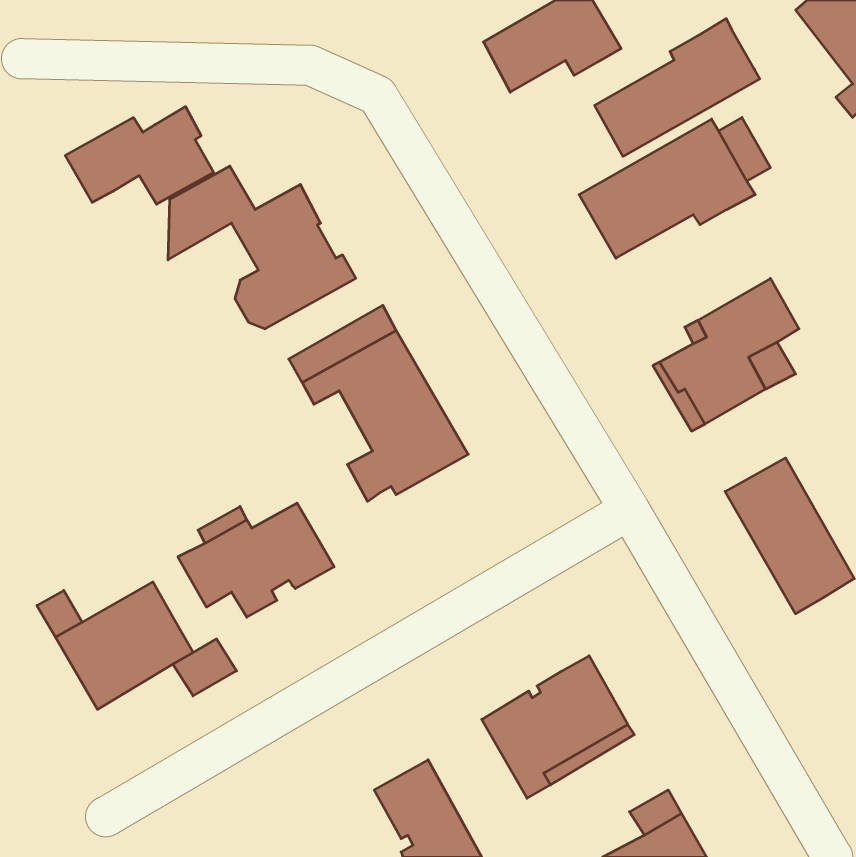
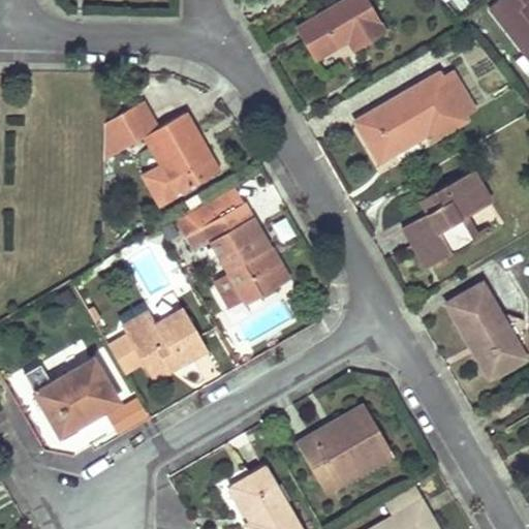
building: [595,19,760,156] -> none
building: [65,107,214,204] -> none

